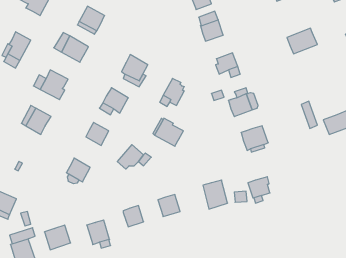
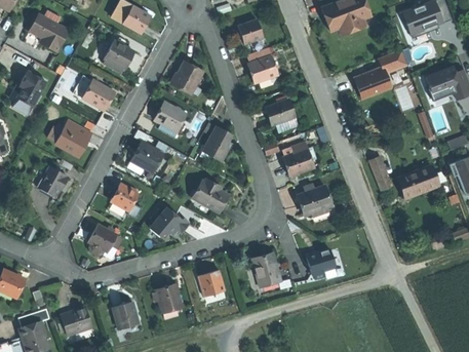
building: none -> [380,50,407,74]
building: none -> [171,65,201,95]

